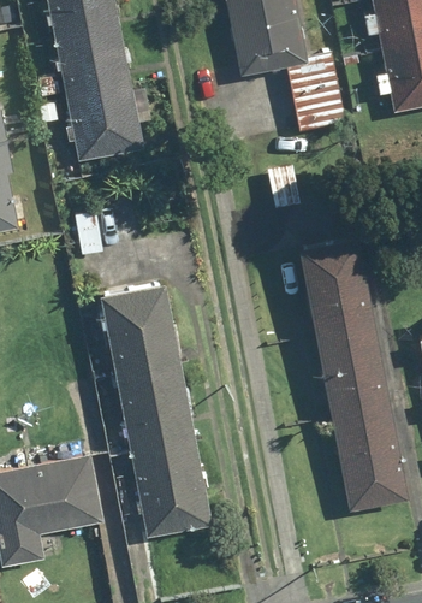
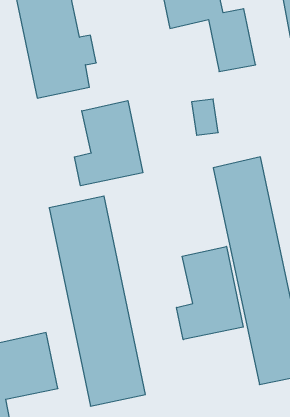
building: none -> [74,101,143,186]
building: none -> [177,246,243,340]

